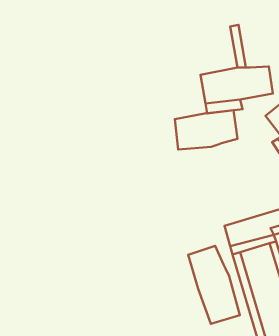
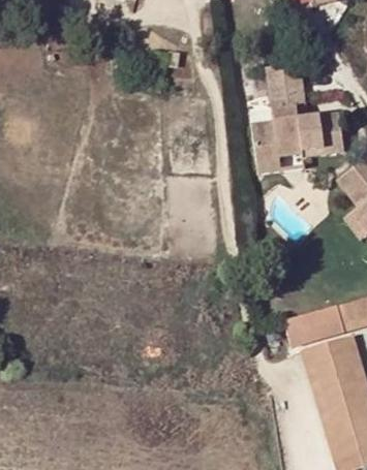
building: none -> [271,69,303,122]
building: [175,110,237,150] -> none
building: [188,246,240,324] -> none

